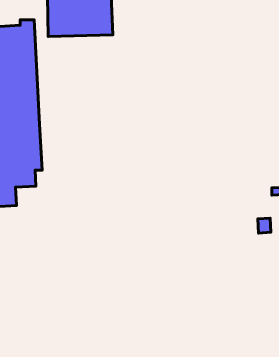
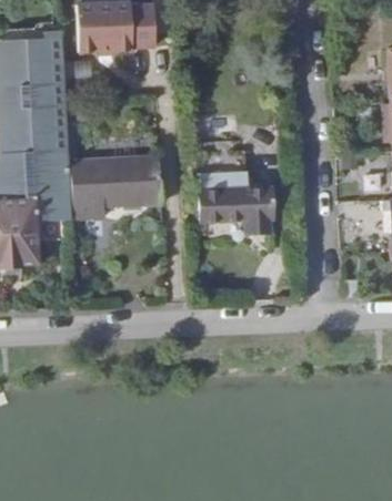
building: none -> [69,154,162,217]
building: none -> [199,185,274,233]

